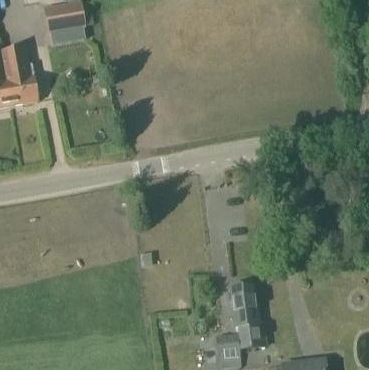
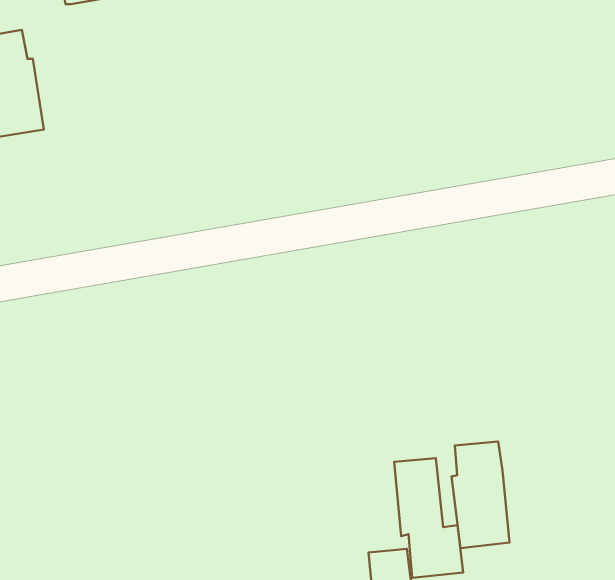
building: none -> [452,441,509,548]

